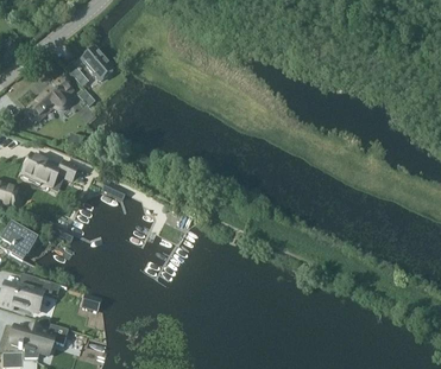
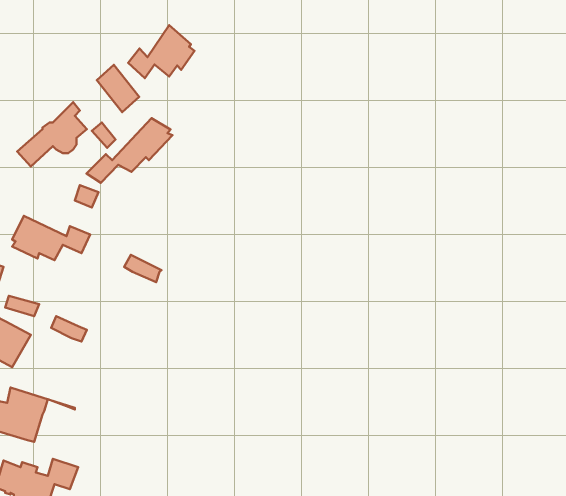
building: none -> [128,25,194,78]
building: none -> [87,118,173,183]

